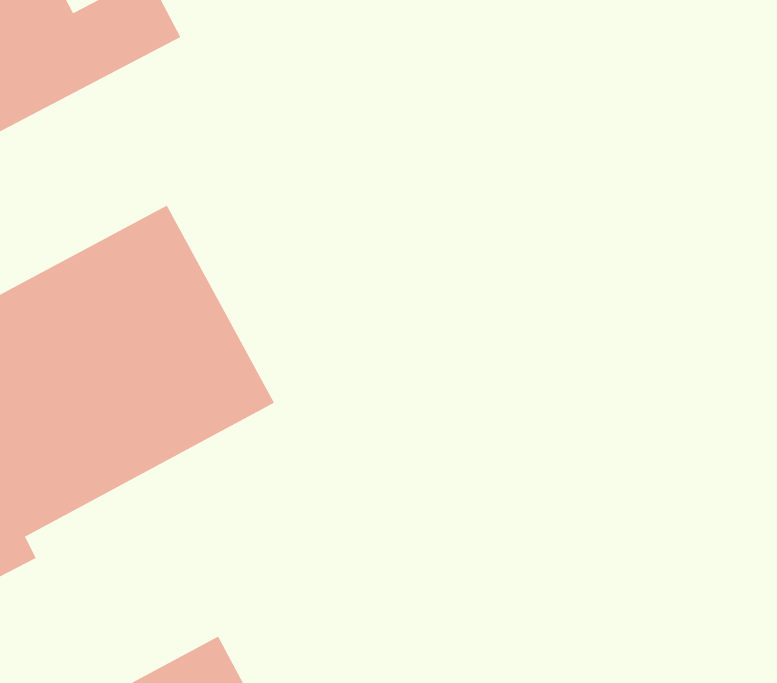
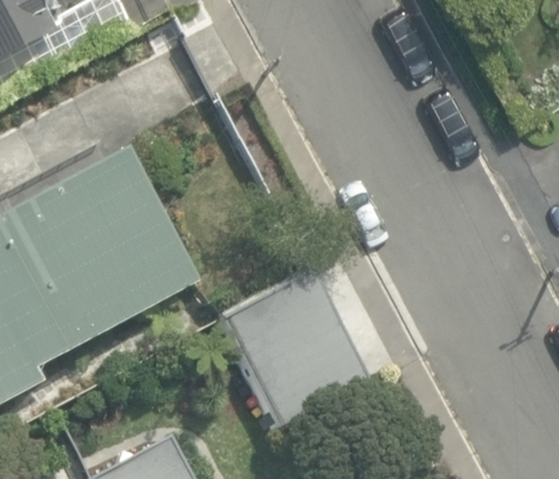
building: none -> [215,269,363,425]

